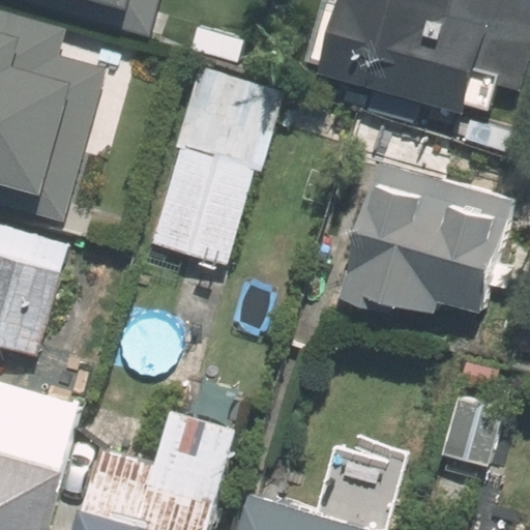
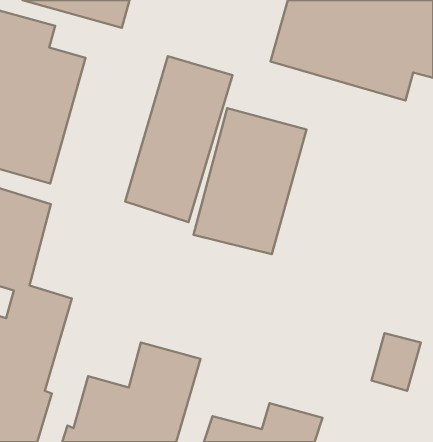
building: none -> [194,108,306,254]
building: [343,182,506,311] -> none

